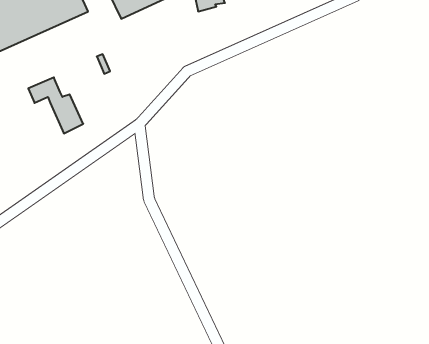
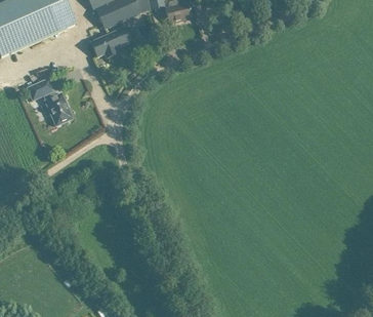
building: none -> [91,26,131,57]

